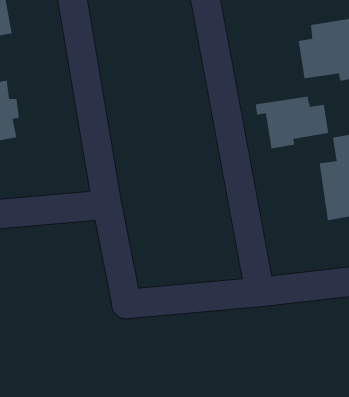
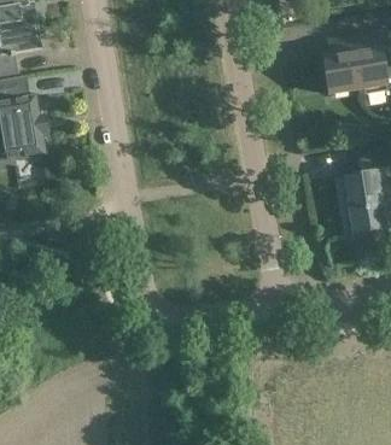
building: [255,96,329,149] -> none

